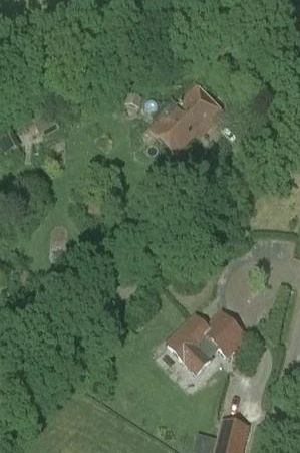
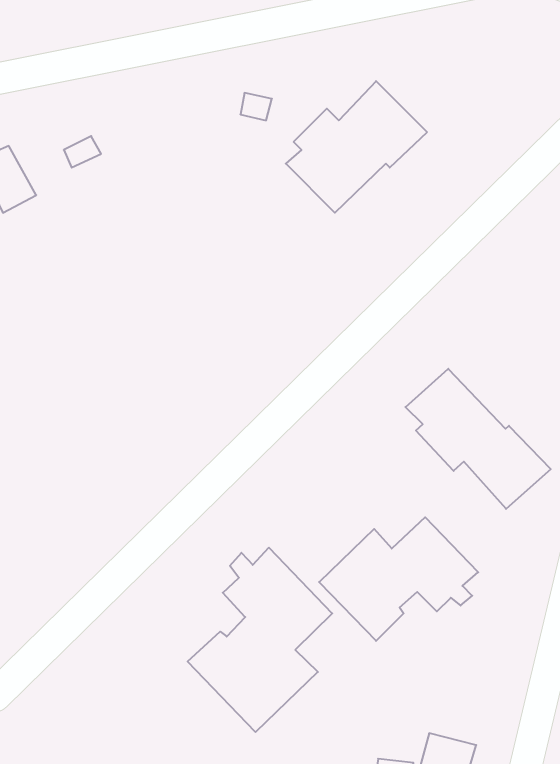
building: none -> [405,369,551,509]
building: none -> [188,548,332,732]

